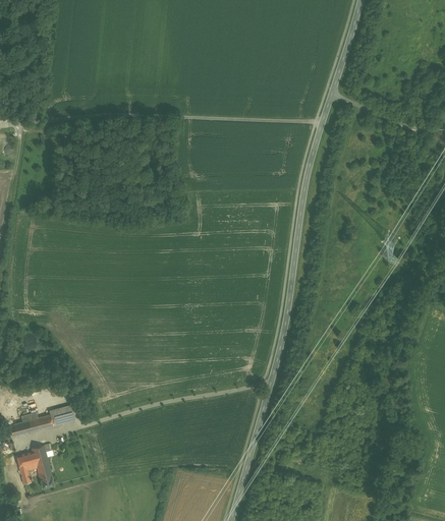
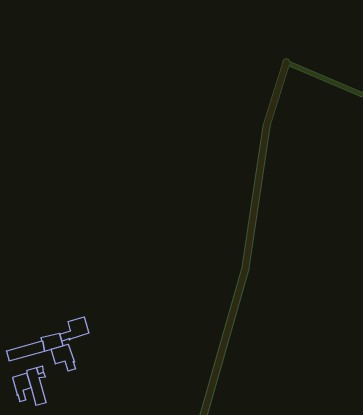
building: none -> [60,317,89,341]
building: none -> [51,344,76,371]

